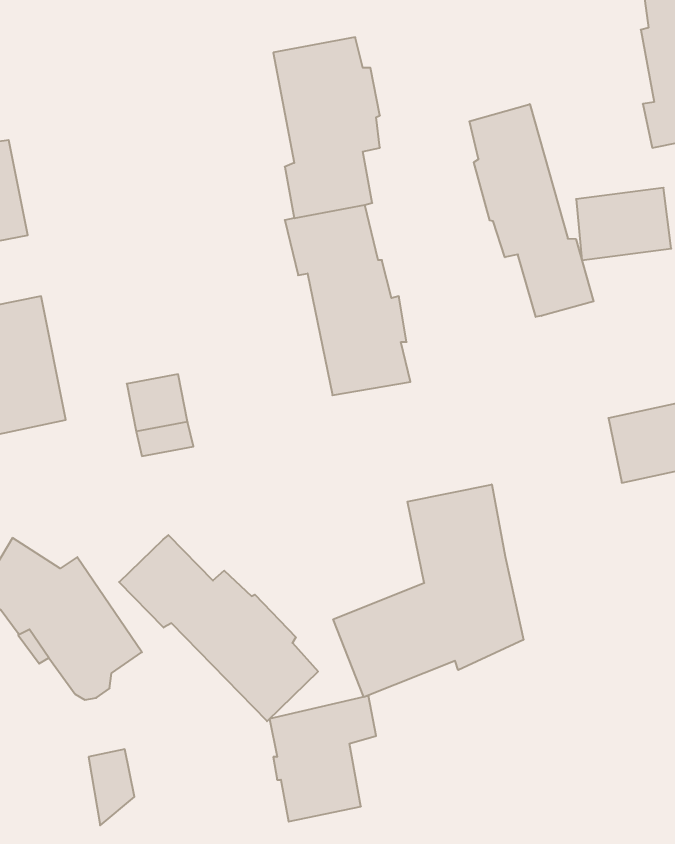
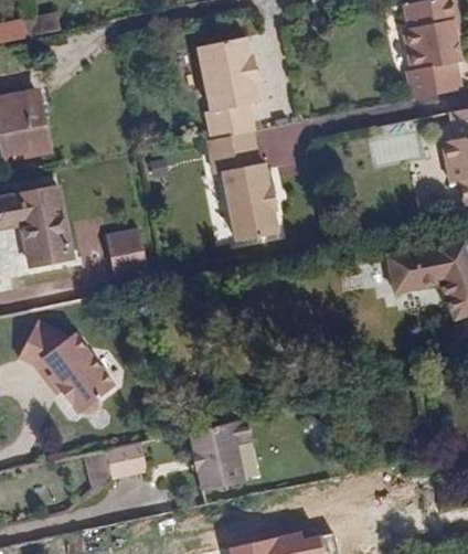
building: [469,104,594,317] -> none
building: [333,484,523,697] -> none
building: [119,535,318,721] -> none
building: none -> [107,440,148,479]

